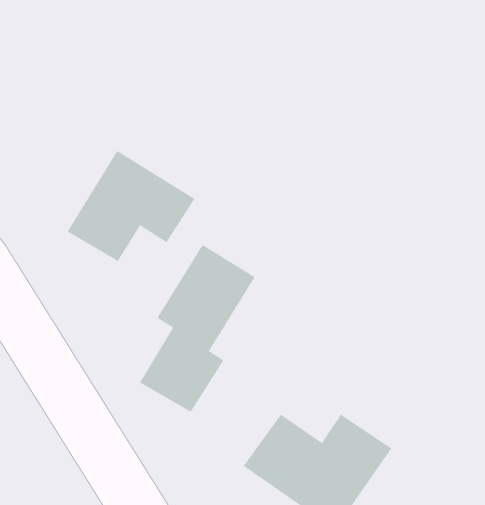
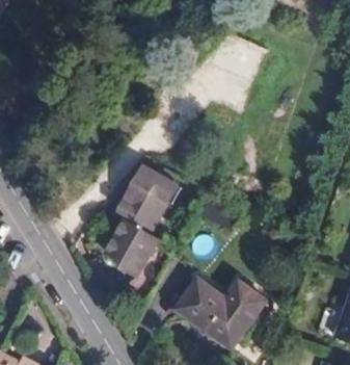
building: [67,150,195,262] -> none

